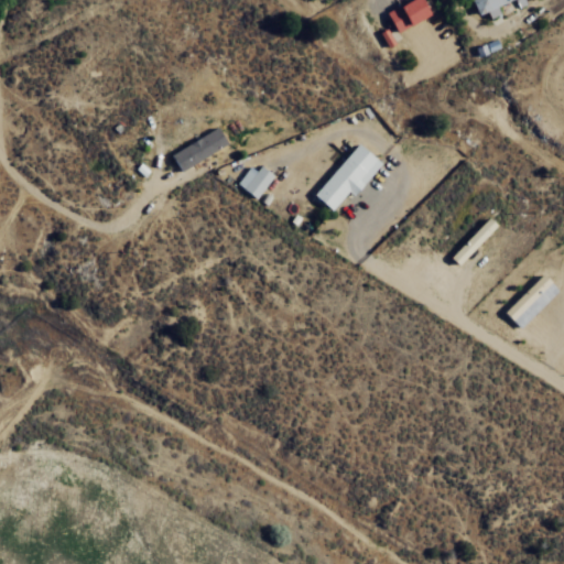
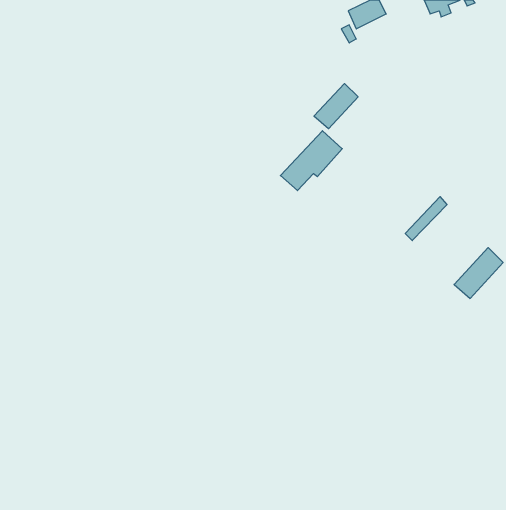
building: none -> [314,84,358,129]
building: [173,128,229,171] -> none
building: [239,163,273,198] -> none

